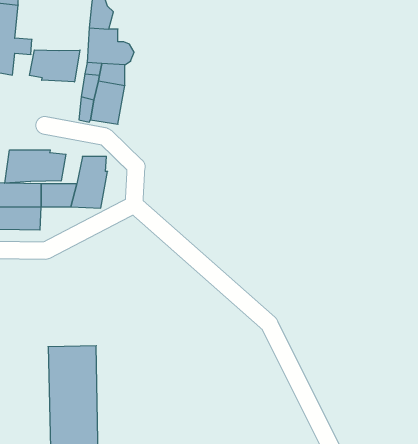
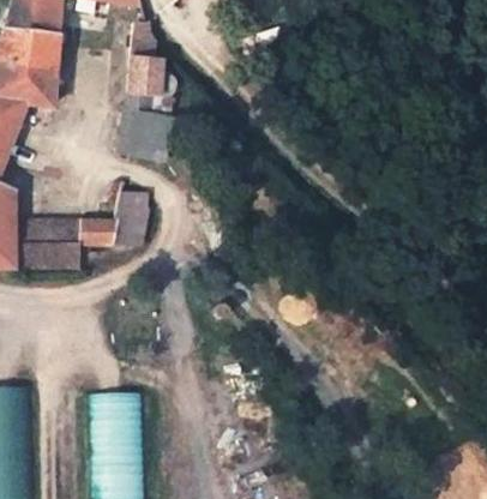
building: [29,50,80,82] -> none
building: [5,150,66,183] -> none

